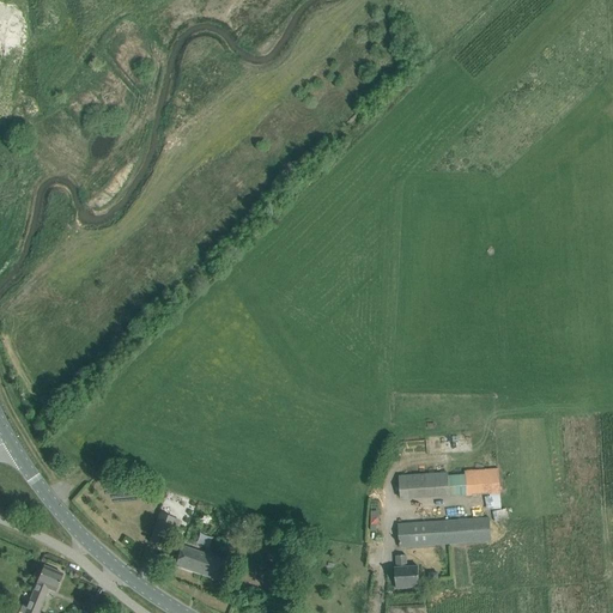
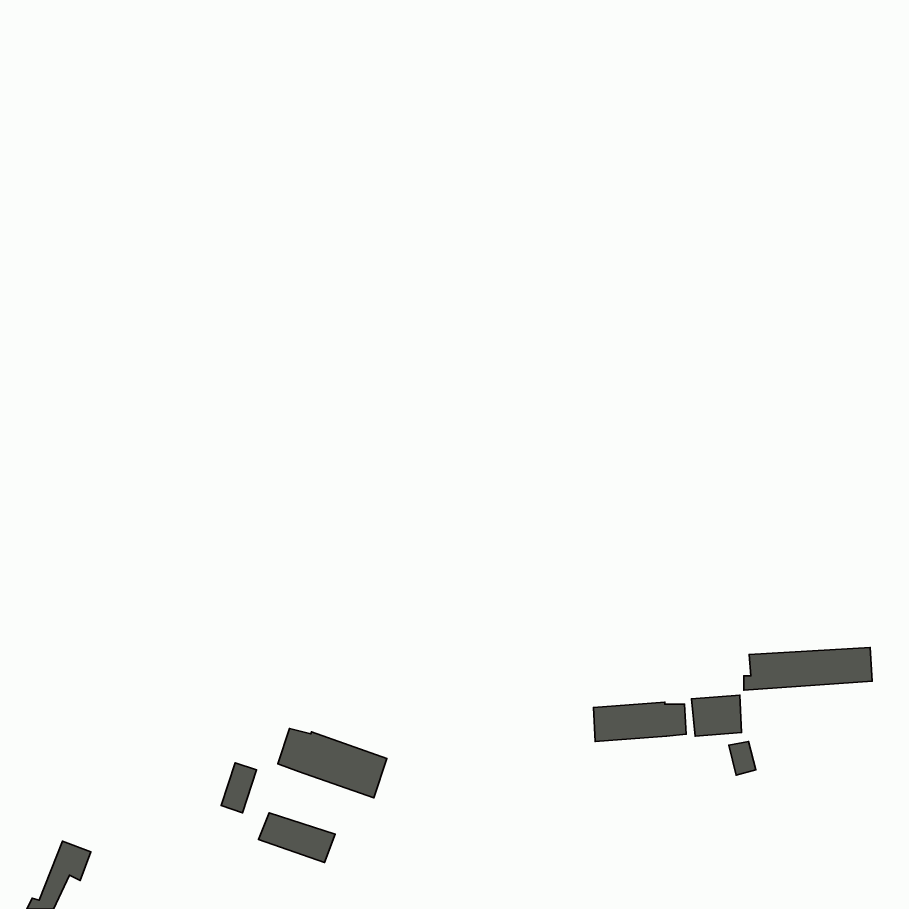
building: none -> [278,728,387,798]
building: [403,517,490,546] -> [744,647,872,690]
building: [394,554,418,588] -> none

